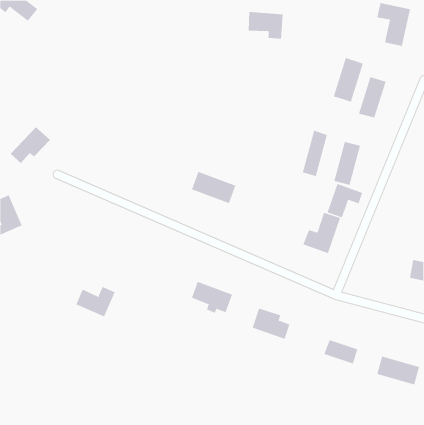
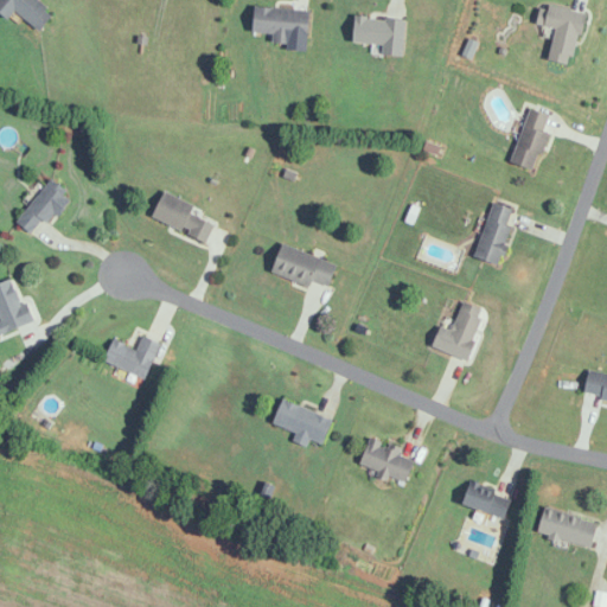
building: none -> [253,7,309,44]
building: [333,57,363,103] -> none
building: [302,130,328,177] -> none
building: none -> [152,191,213,242]
building: [327,183,363,218] -> none
building: [75,286,115,317] -> [103,336,160,379]

